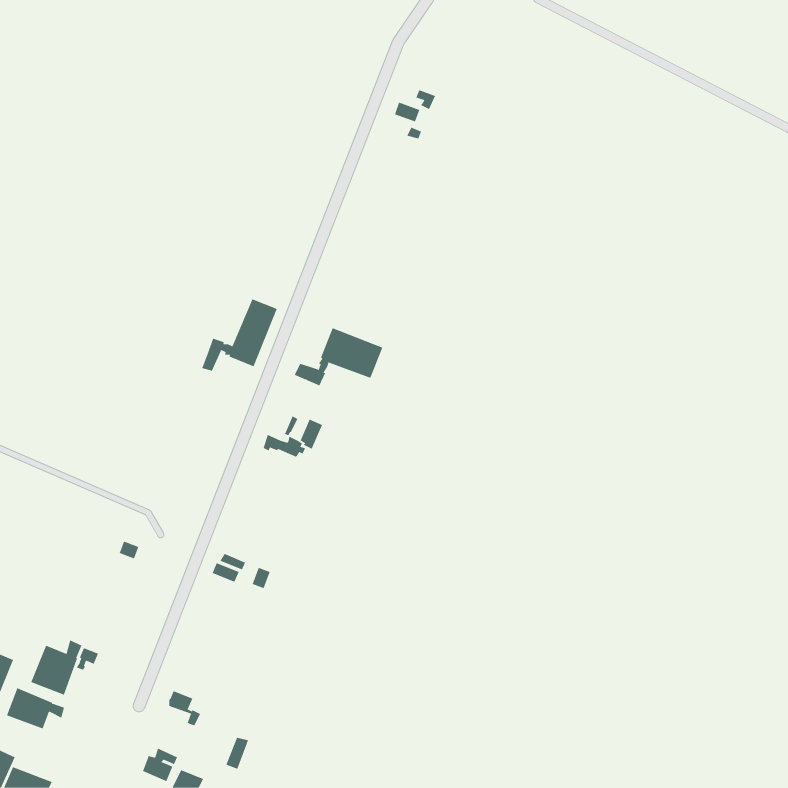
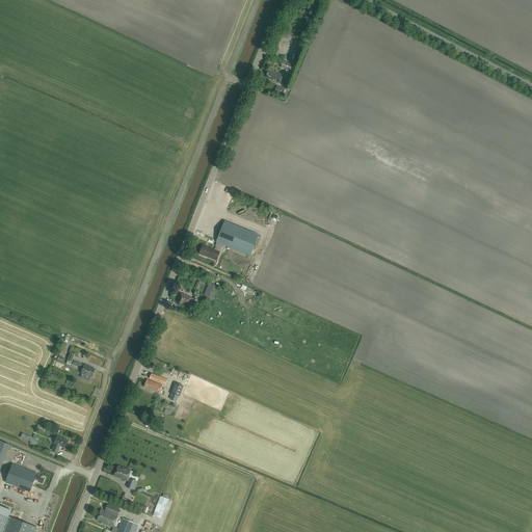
building: [201,298,278,371] -> none
building: [31,639,82,695] -> none

